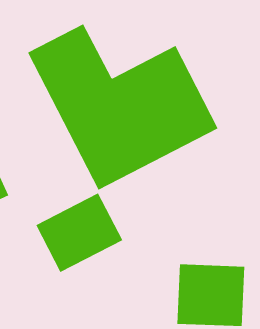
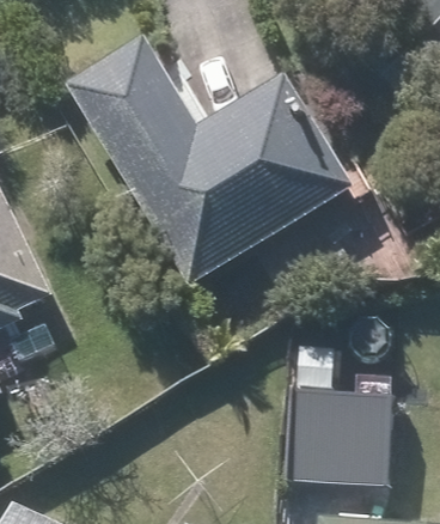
building: [35,193,123,273] -> none

